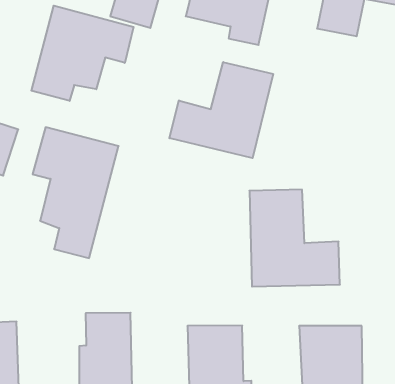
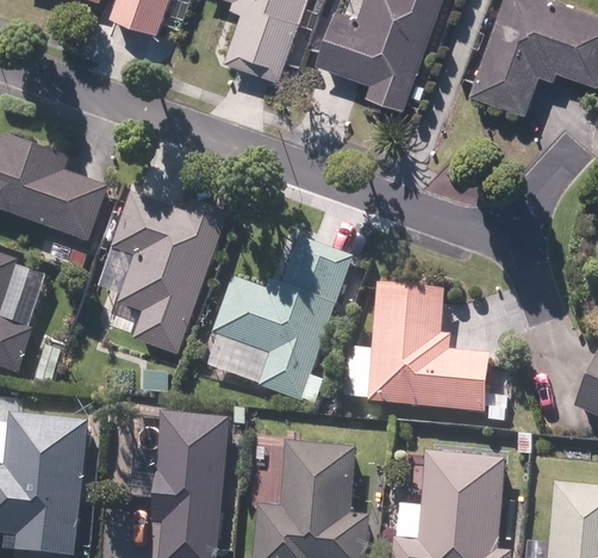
building: [31,6,134,101] -> none
building: [169,62,273,158] -> none
building: none -> [210,242,345,395]

